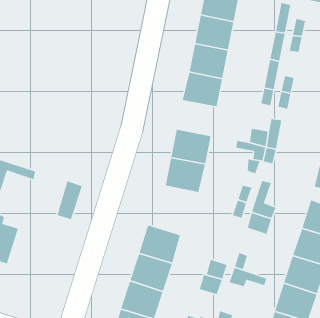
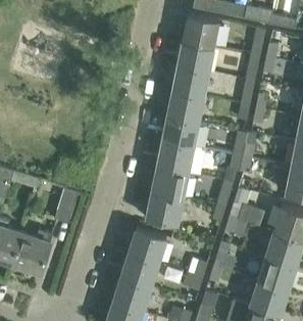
building: none -> [161,117,198,148]
building: none -> [146,193,182,225]
building: none -> [10,230,52,273]

